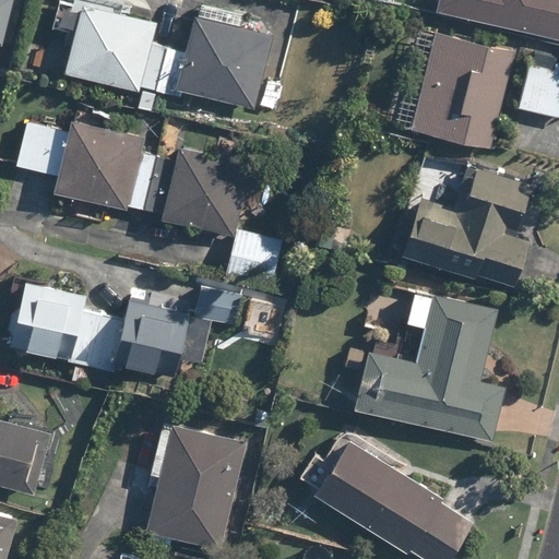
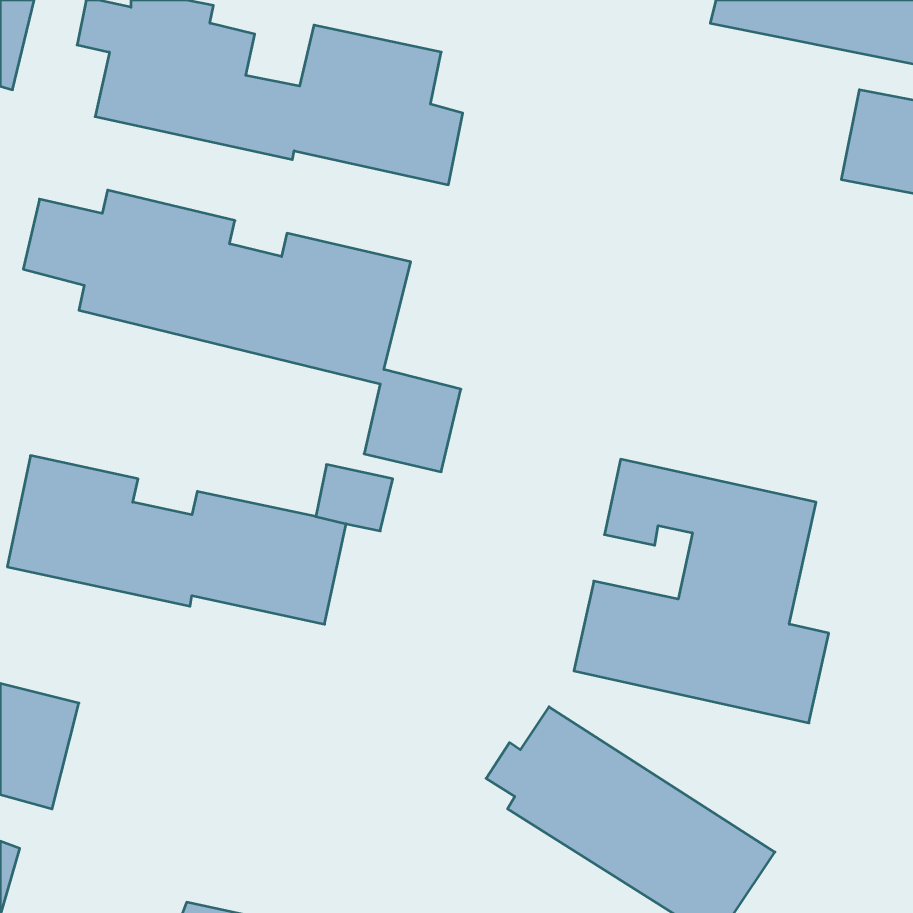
building: [409,32,514,148] -> none
building: [399,163,533,288] -> none
building: [145,425,246,548] -> none

